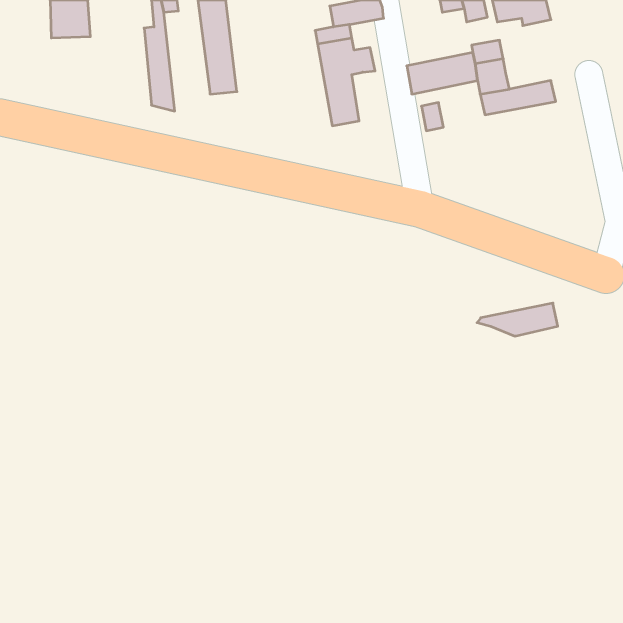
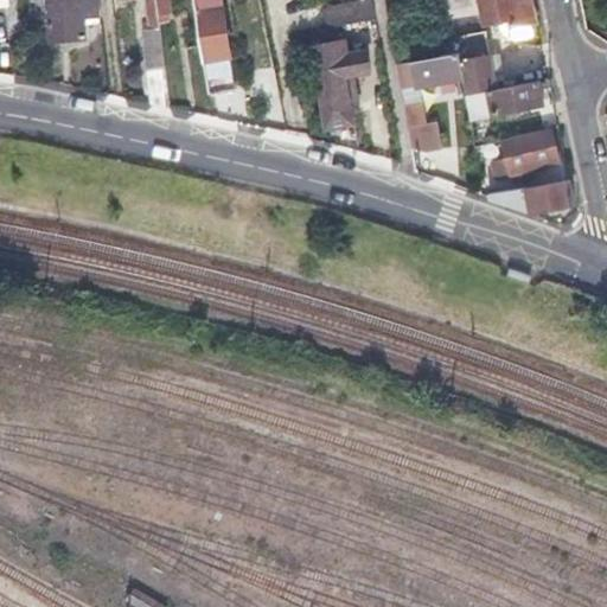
building: none -> [507,133,560,179]
building: [477,303,558,336] -> [496,179,574,211]

